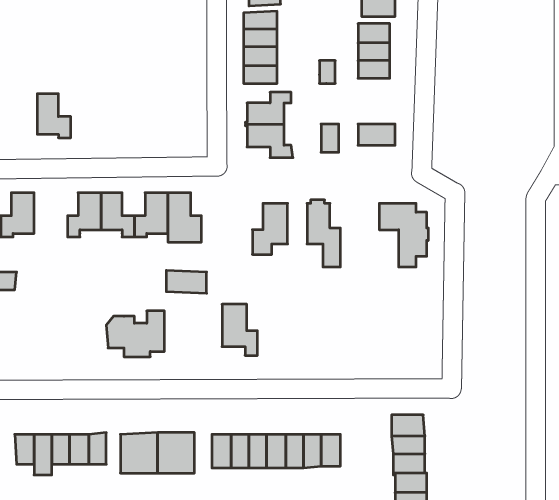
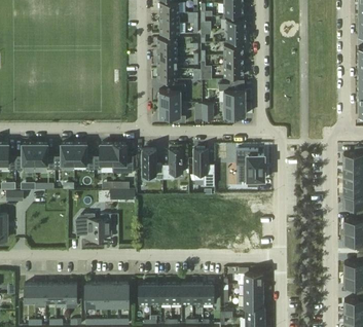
building: none -> [218,84,245,104]
building: [37,94,71,138] -> [34,144,53,170]
building: [222,304,257,355] -> [141,150,161,180]

